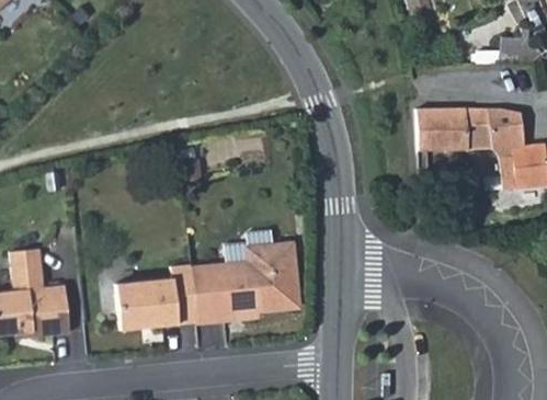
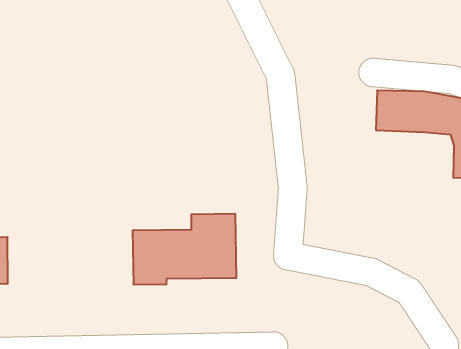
building: [114,265,195,329] -> none

